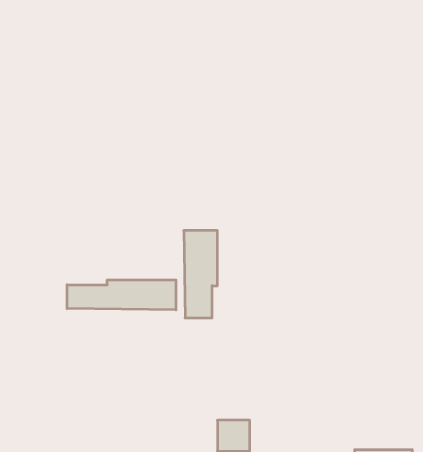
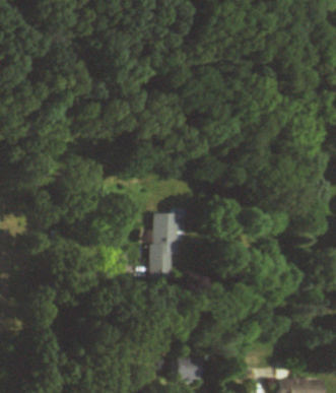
building: [67,280,176,310] -> none

